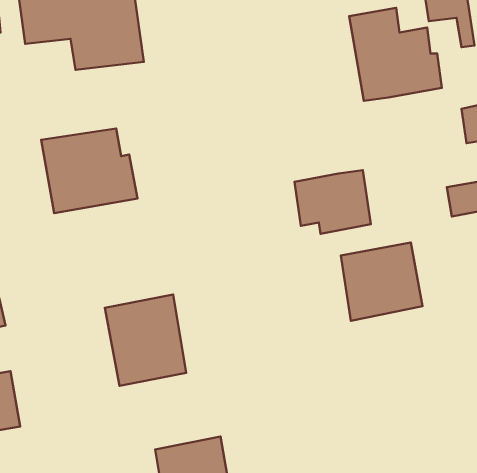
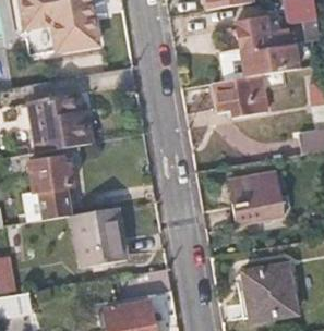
building: [294,170,371,234] -> [215,74,266,117]
building: none -> [28,157,72,220]
building: none -> [243,265,296,319]

